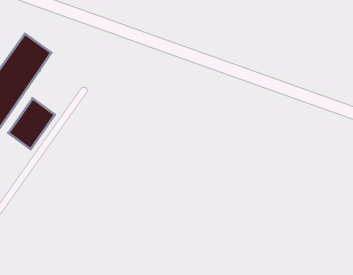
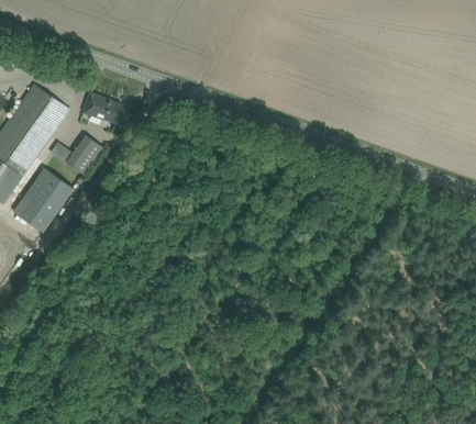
building: none -> [82,93,121,122]
building: none -> [66,135,103,176]

